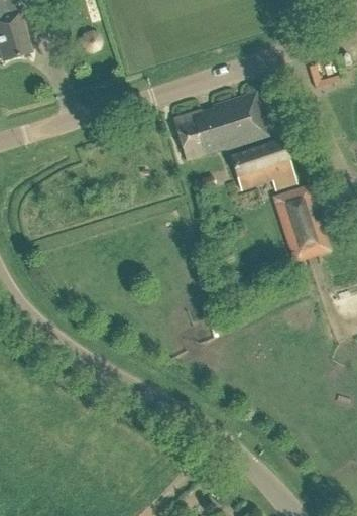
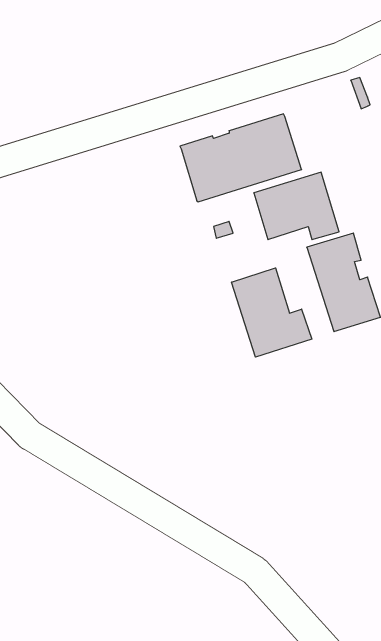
building: none -> [232,268,312,357]

